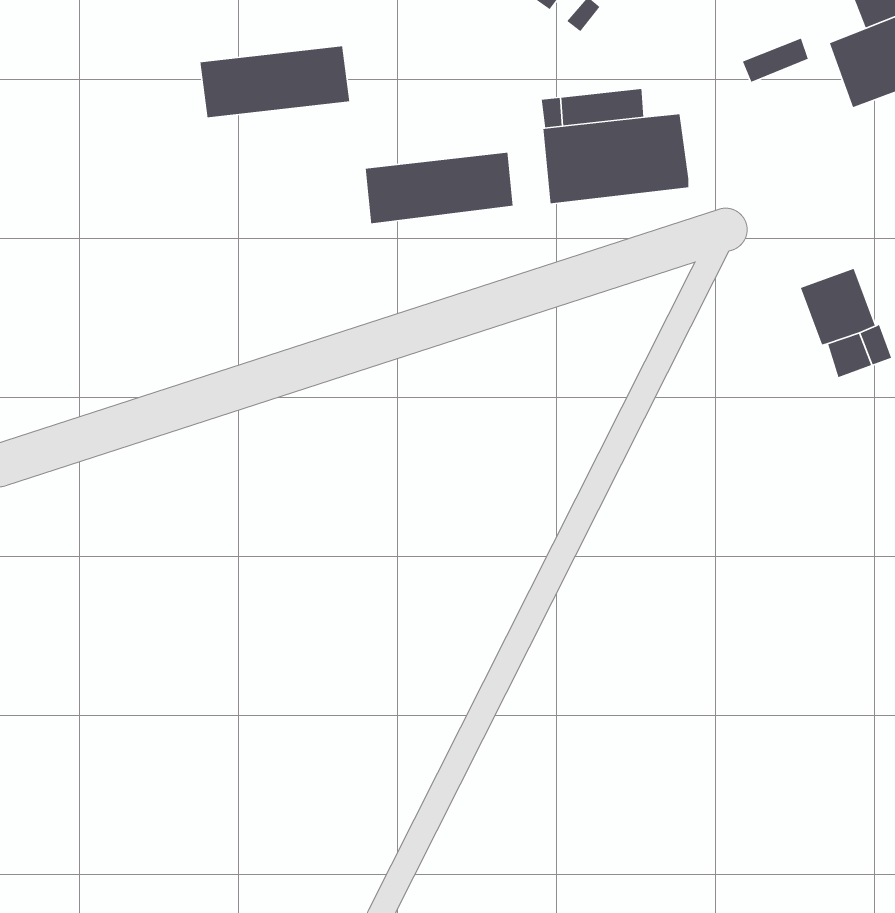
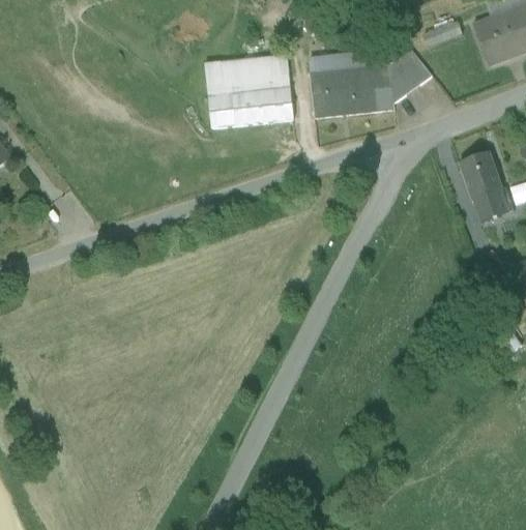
building: [200,46,350,118] -> [205,55,291,96]
building: none -> [389,50,432,102]

